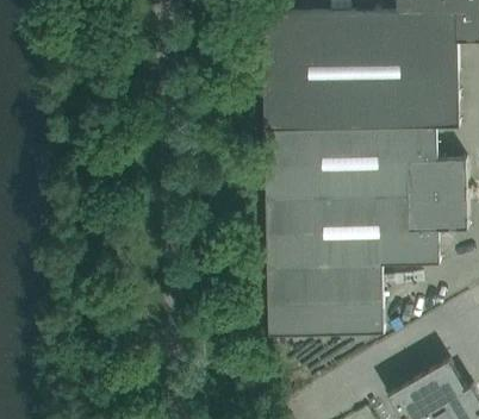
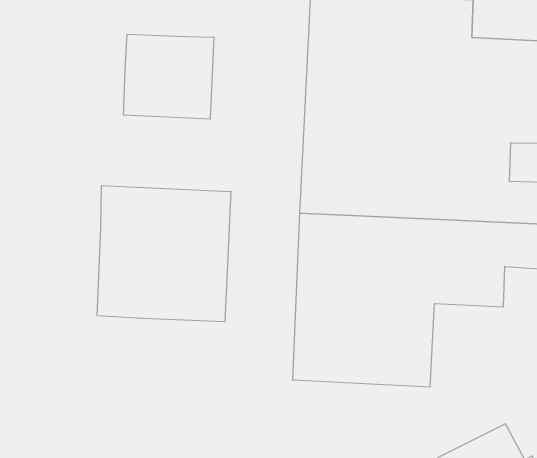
building: none -> [123,34,214,119]
building: none -> [97,186,231,322]

